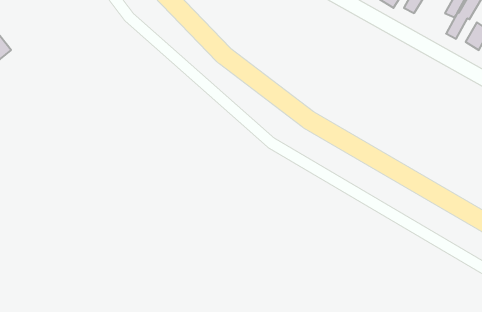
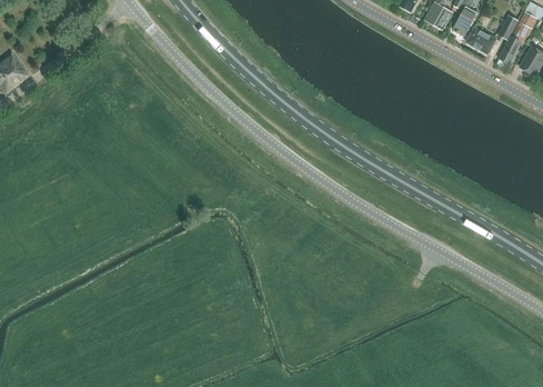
building: none -> [466,26,496,53]

